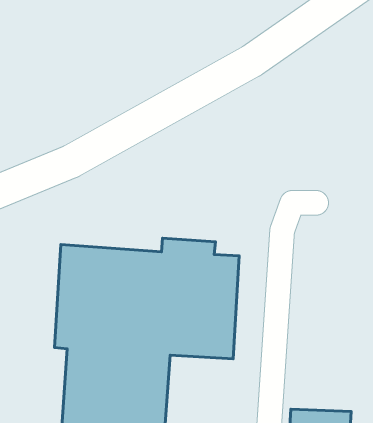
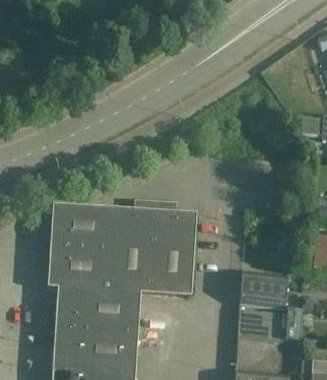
building: none -> [240,271,285,300]
building: none -> [238,312,288,340]

